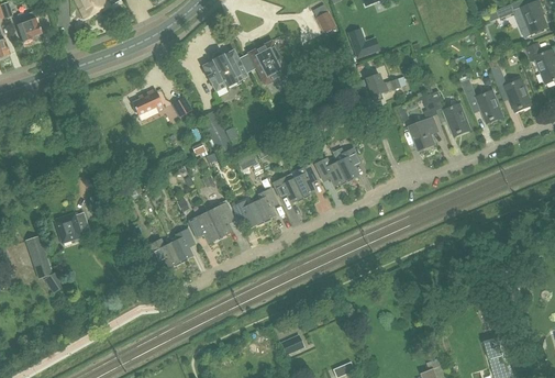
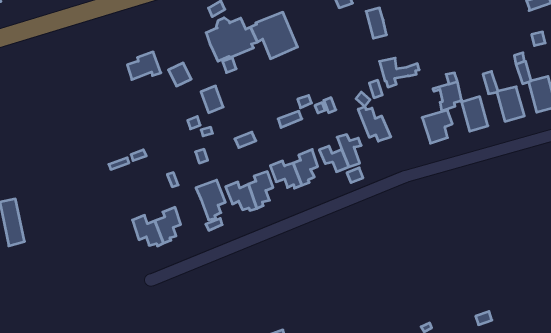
building: none -> [358,106,391,141]
building: [189,210,220,243] -> none
building: [54,212,90,244] -> none

